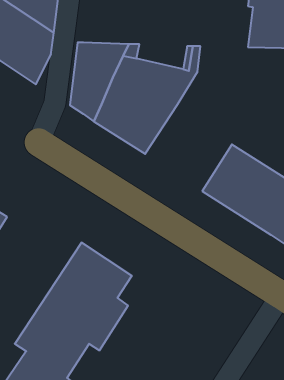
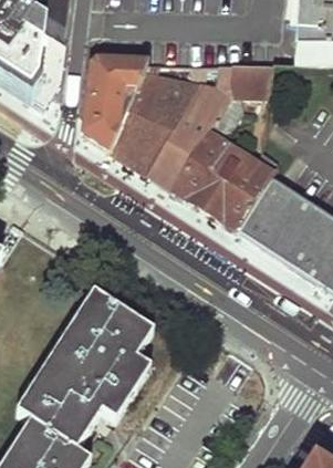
building: none -> [230,63,273,96]
building: none -> [169,131,273,231]

